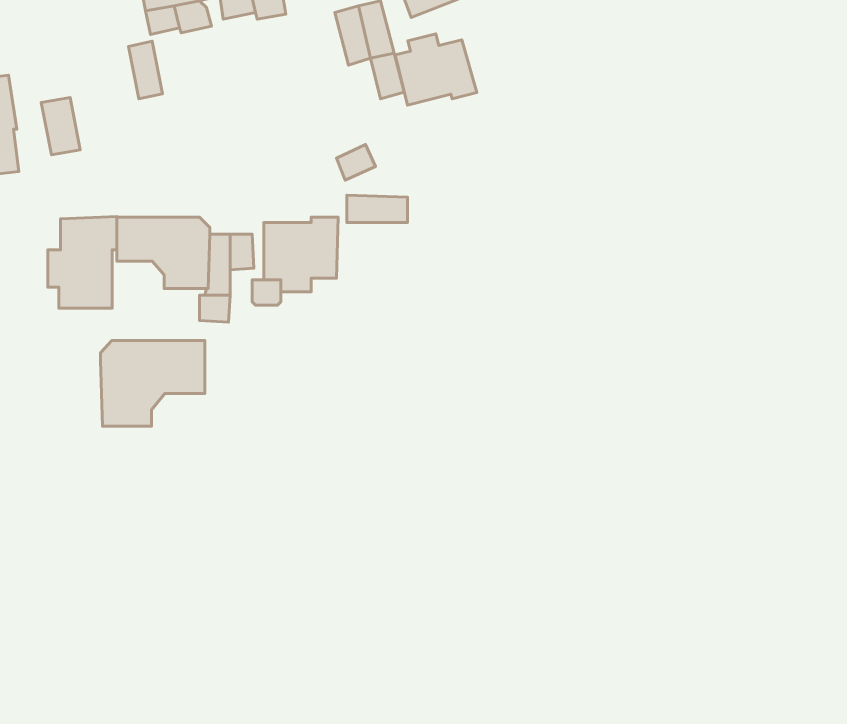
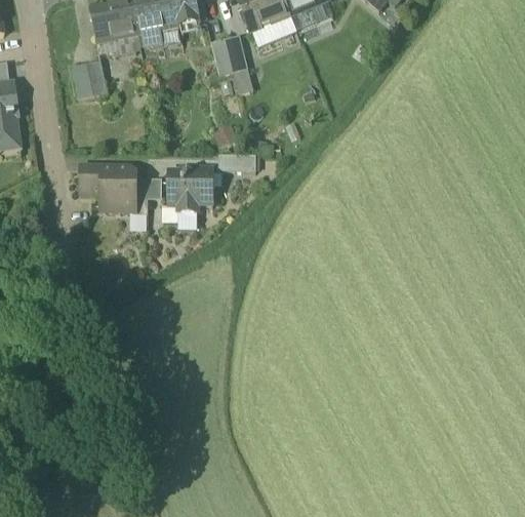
building: [395,34,477,105] -> none
building: [41,97,80,155] -> [69,64,92,98]
building: [48,217,117,308] -> none
building: [100,340,205,426] -> none

